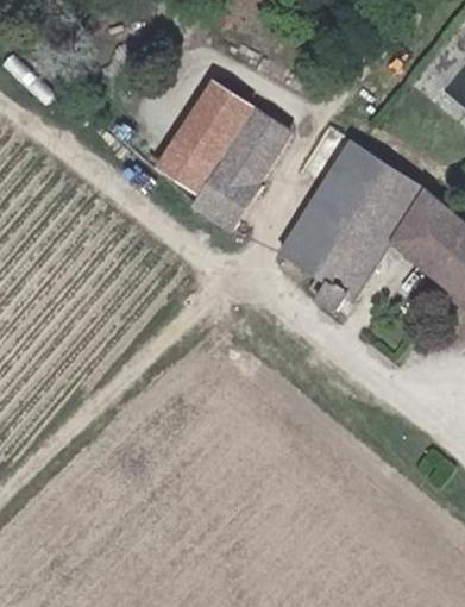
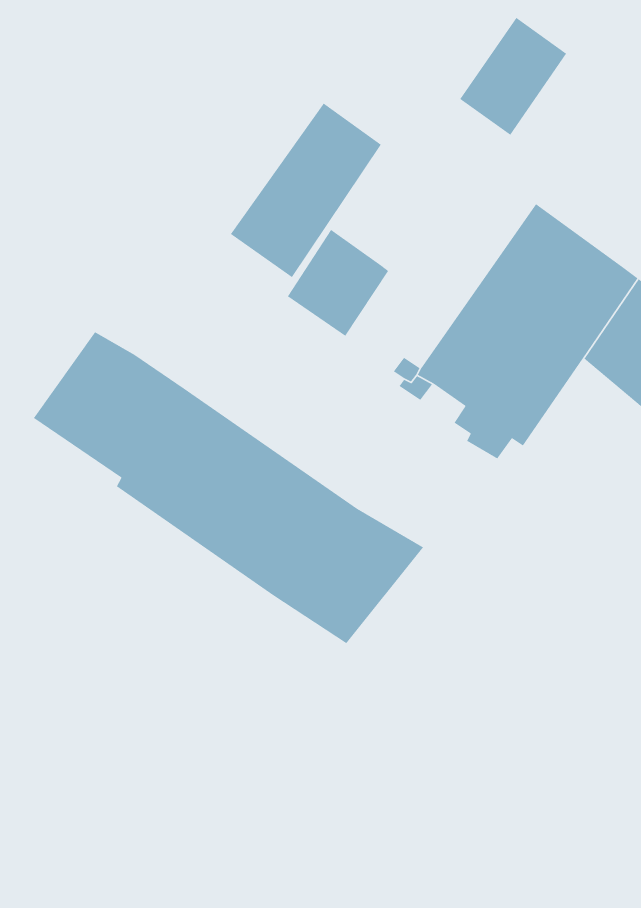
building: [225,102,295,180] -> [459,17,567,136]
building: none -> [33,331,424,644]

